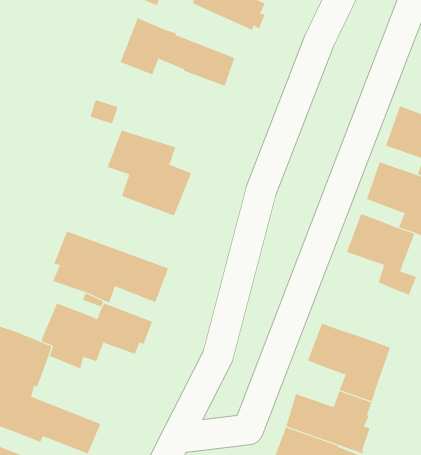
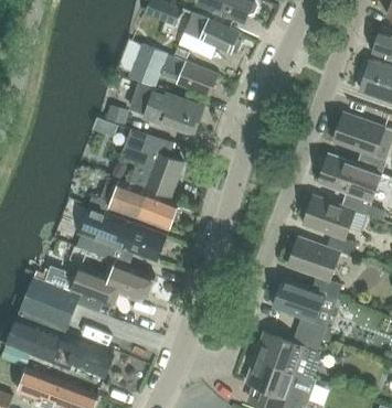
building: none -> [130,84,203,136]
building: none -> [87,178,178,230]
building: none -> [287,237,340,297]

